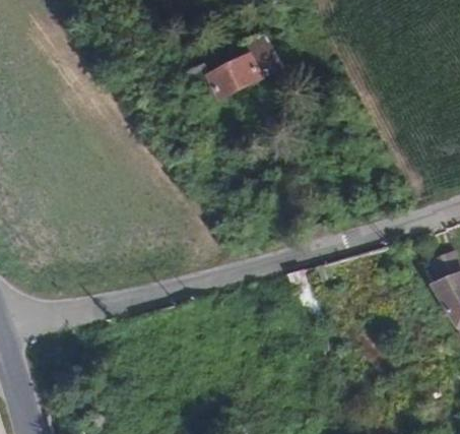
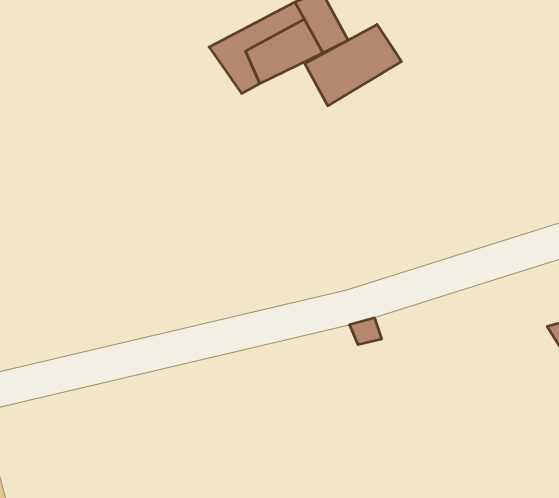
building: none -> [305,24,401,106]

